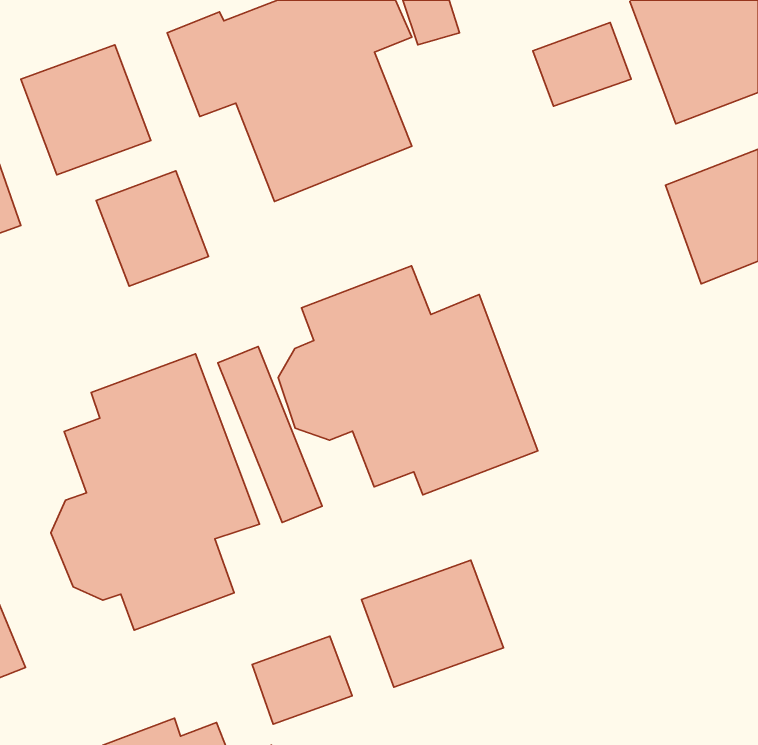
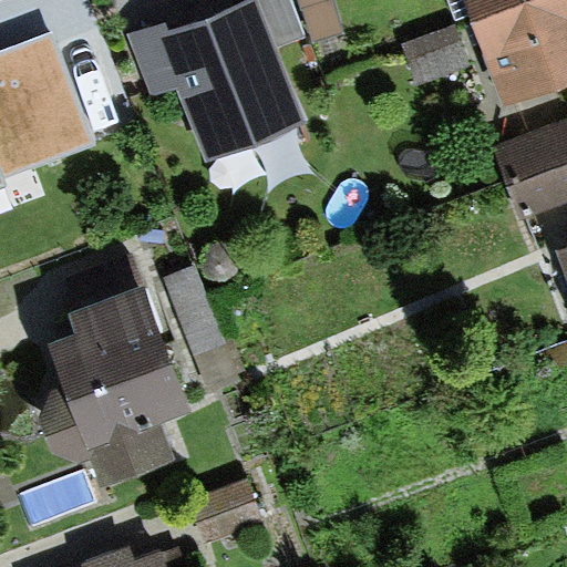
building: [96,171,209,286] -> none
building: [278,266,538,495] -> none
building: [362,560,503,687] -> none

